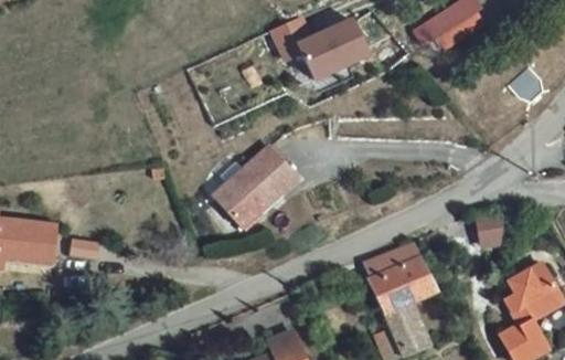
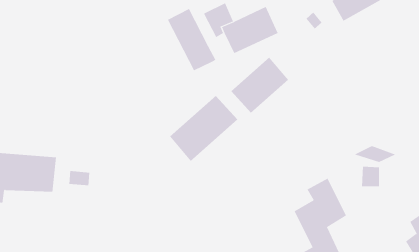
building: none -> [167,8,216,71]
building: none -> [230,57,289,114]

